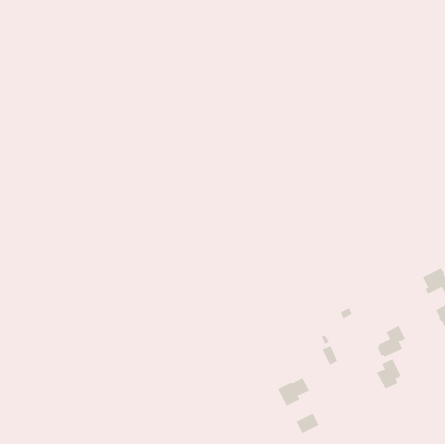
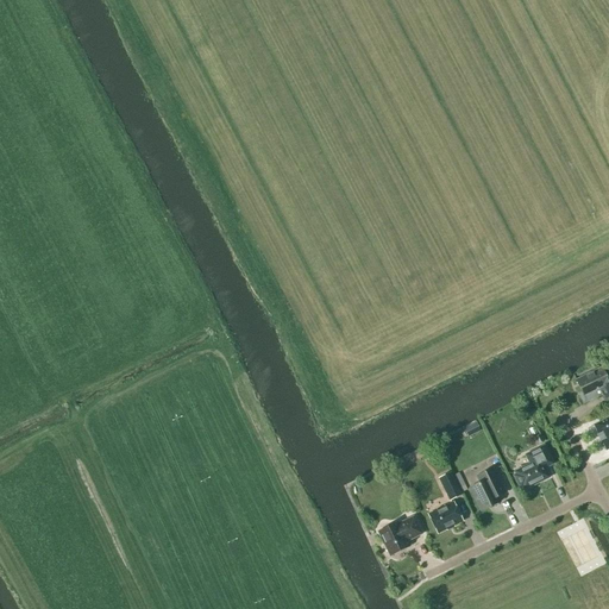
building: [376,359,402,389] -> [471,466,506,508]
building: [296,413,319,434] -> [431,501,463,529]

